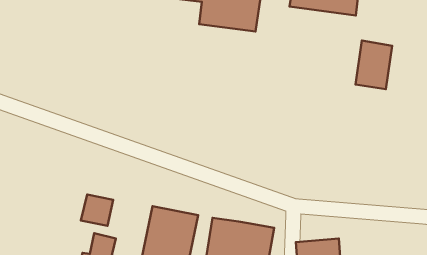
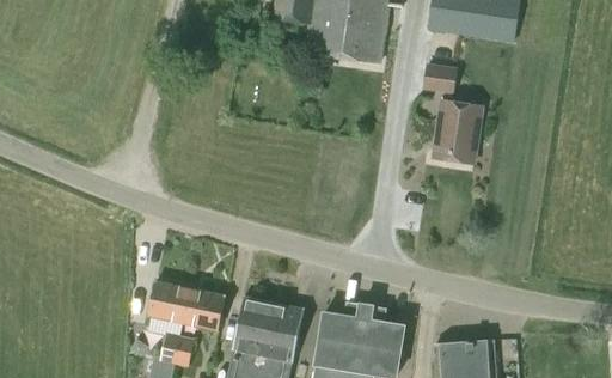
building: none -> [423,61,459,93]
building: [356,41,392,89] -> [434,98,483,163]
building: none -> [184,287,226,329]

